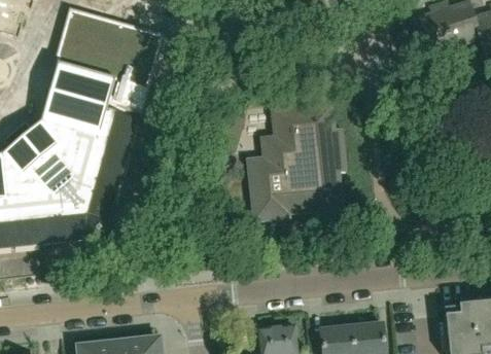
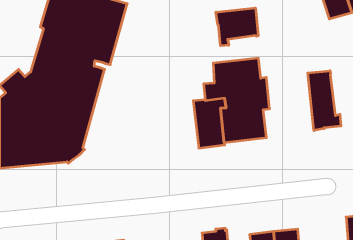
building: none -> [216,8,258,46]
building: none -> [308,71,341,131]

